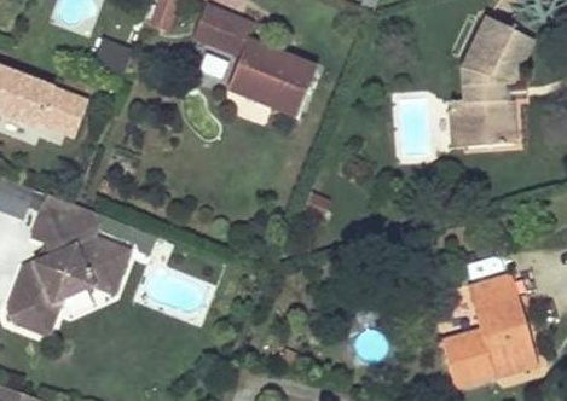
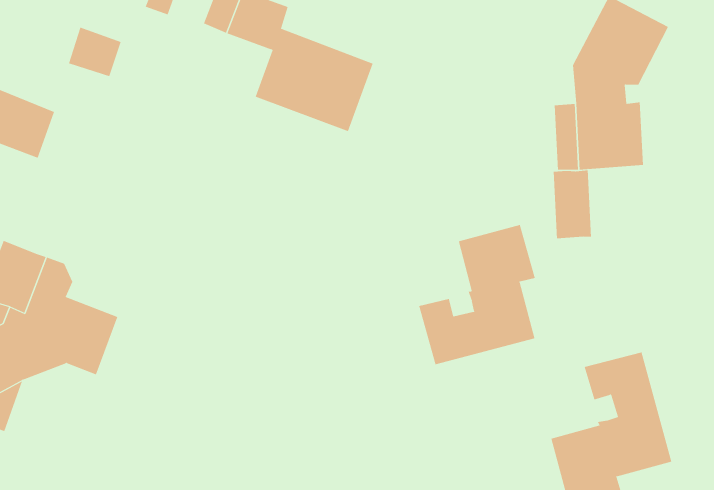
building: none -> [553,169,591,239]
building: none -> [419,224,535,365]

